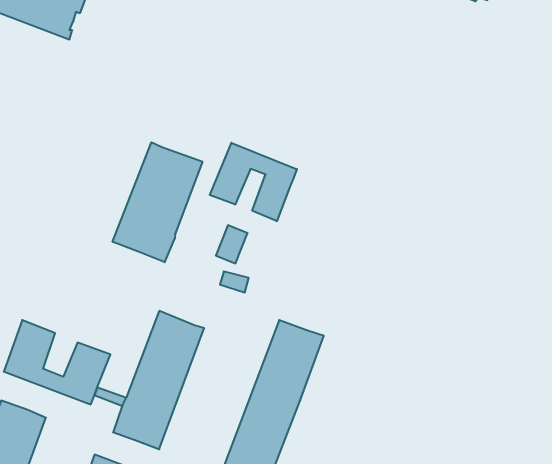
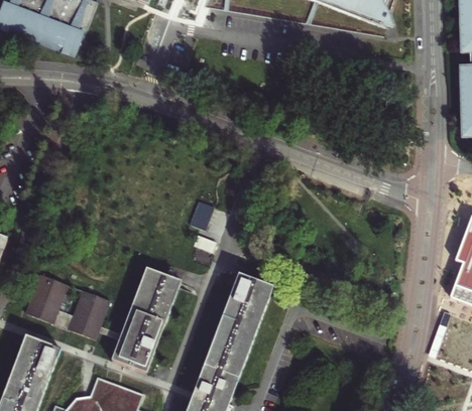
building: [113,142,202,262] -> none
building: [210,143,297,221] -> none

